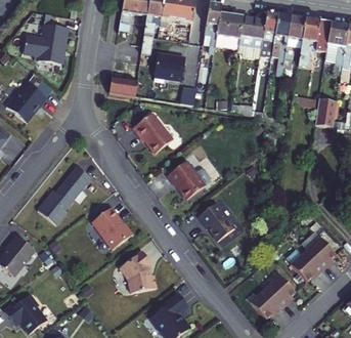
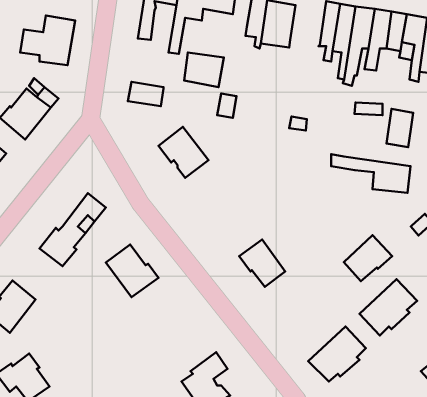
building: [237,14,265,46] -> none
building: none -> [331,154,410,193]
building: [166,160,210,198] -> none
building: none -> [344,235,392,281]
building: [119,250,155,292] -> none

